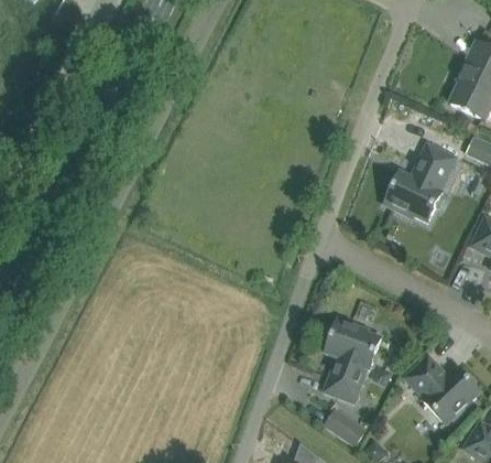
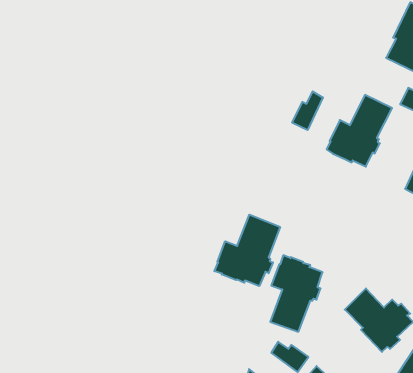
building: none -> [292,91,323,130]
building: none -> [214,215,280,286]

